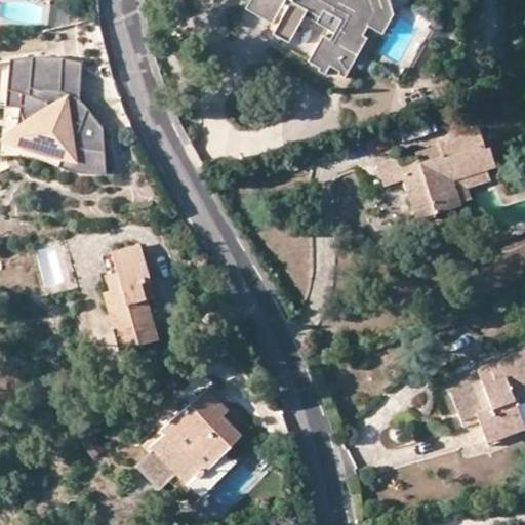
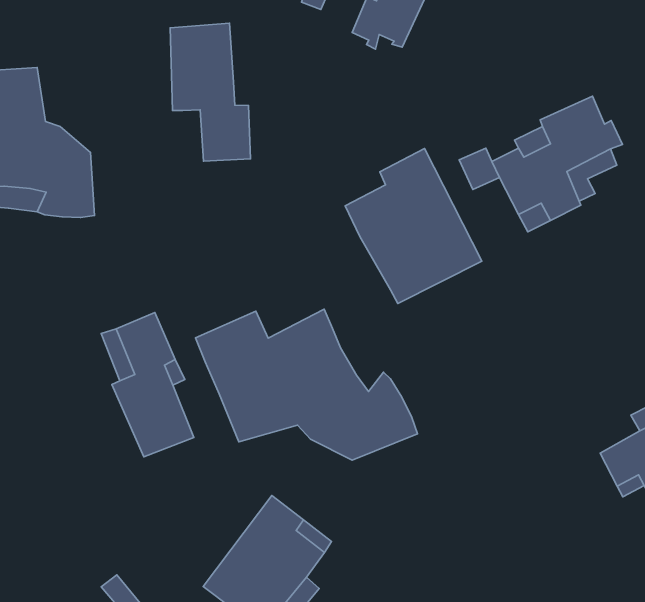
building: none -> [170,23,250,161]
building: none -> [345,149,482,304]
building: none -> [195,309,417,460]

